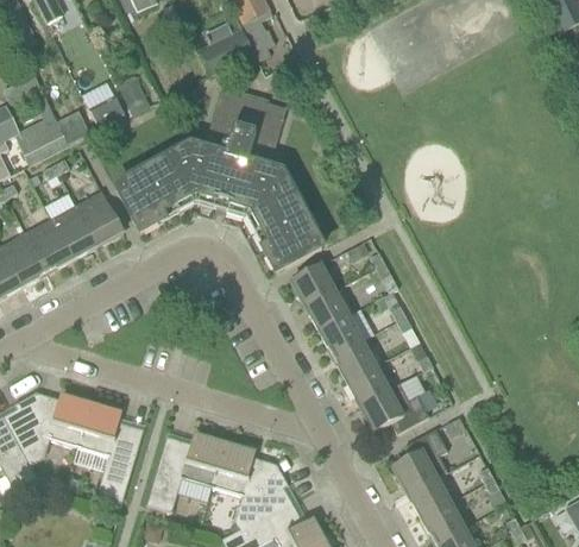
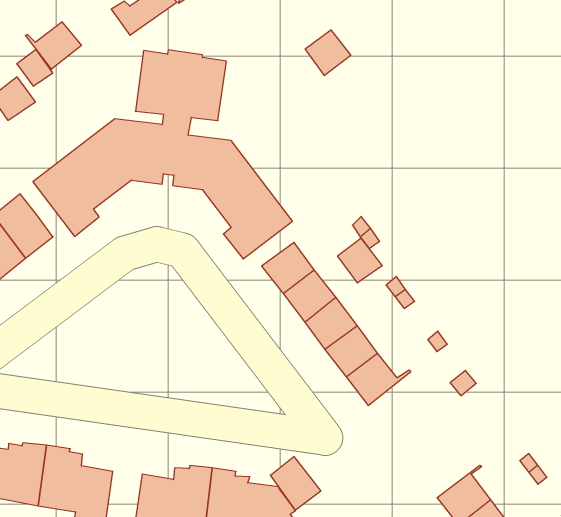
building: none -> [25,22,81,69]
building: none -> [305,30,351,76]
building: none -> [338,238,382,283]
building: [361,384,429,433] -> none
building: [394,428,448,491] -> none
building: none -> [270,457,321,510]

